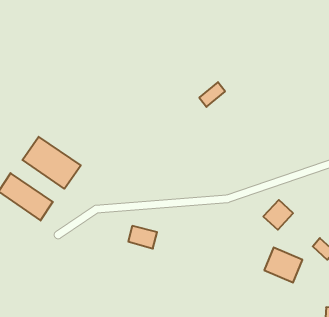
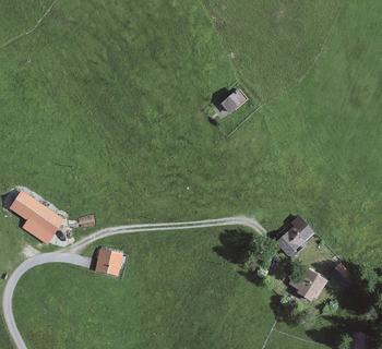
building: [22,137,81,189] -> none
building: [128,226,157,249] -> [95,248,126,272]

